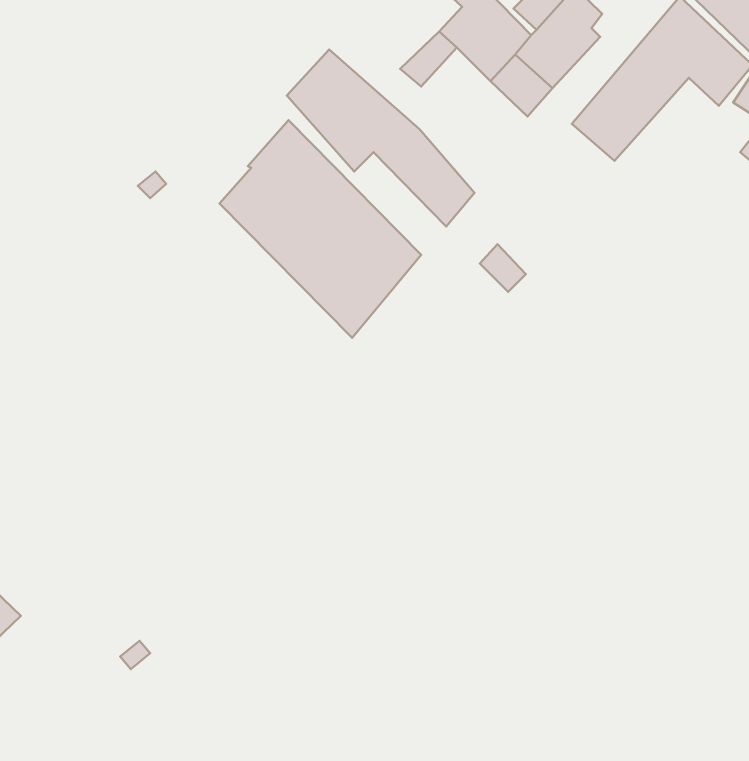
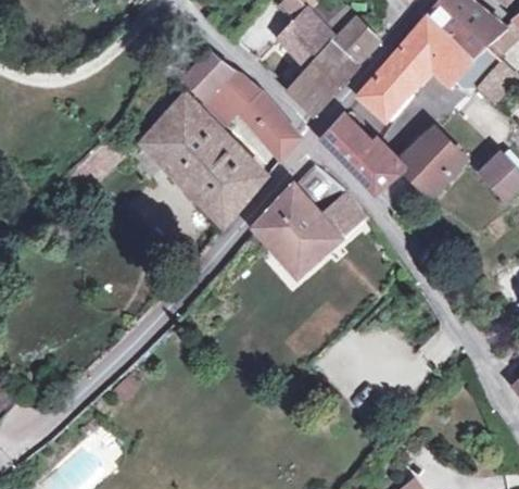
building: none -> [289,67,332,113]
building: none -> [322,116,463,195]
building: none -> [254,181,366,274]

